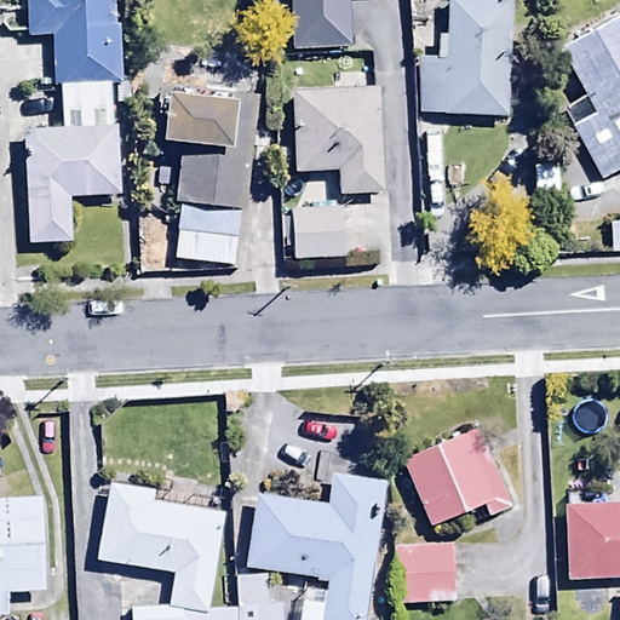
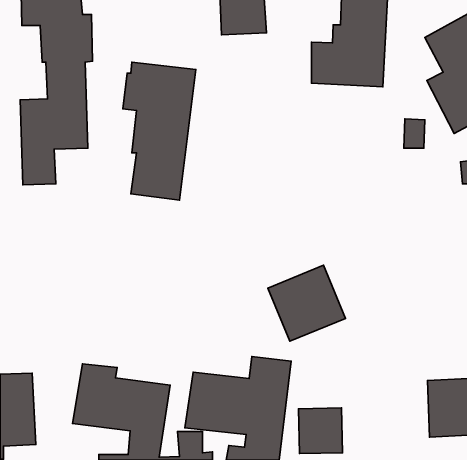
building: [294,88,383,189] -> none
building: [293,207,343,257] -> none
building: [406,427,509,528] -> [268,265,346,341]

